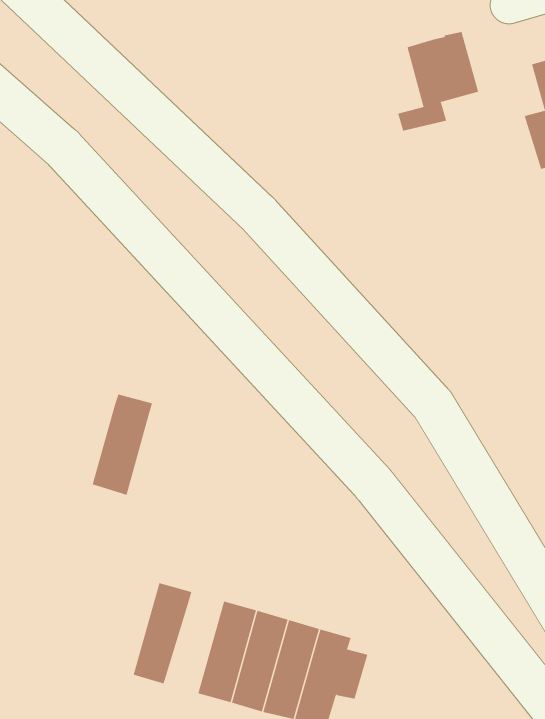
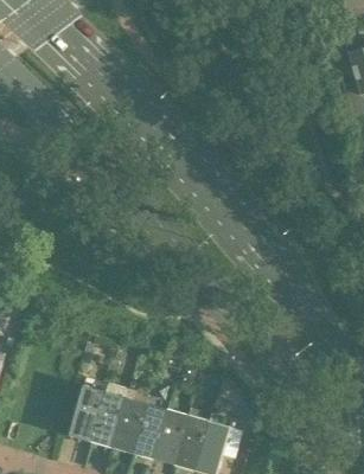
building: [397,31,479,132] -> none
building: [92,394,153,496] -> [69,377,108,442]
building: none -> [111,389,149,454]

